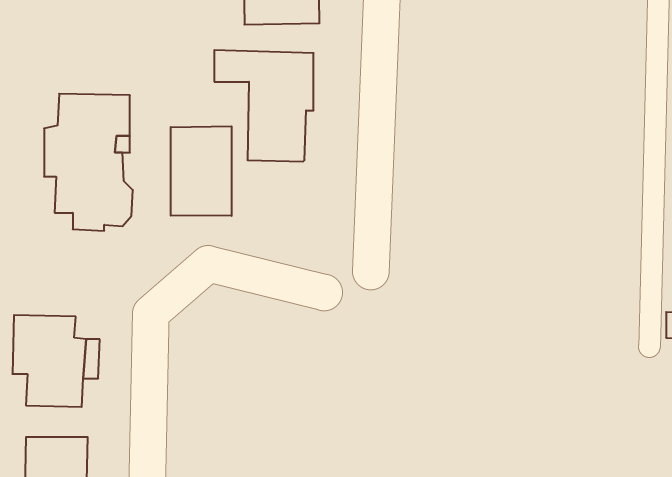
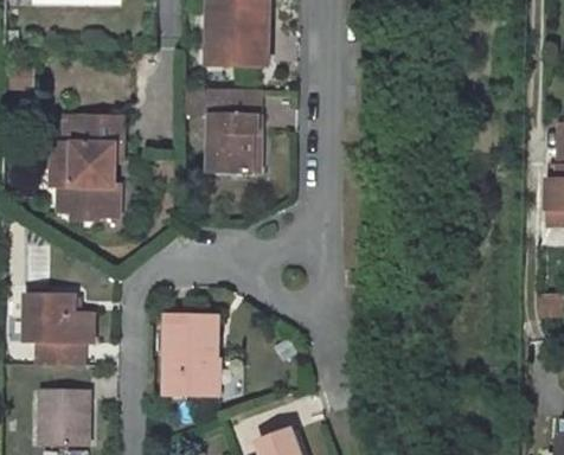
building: [171,126,232,216] -> none
building: none -> [166,314,232,398]

